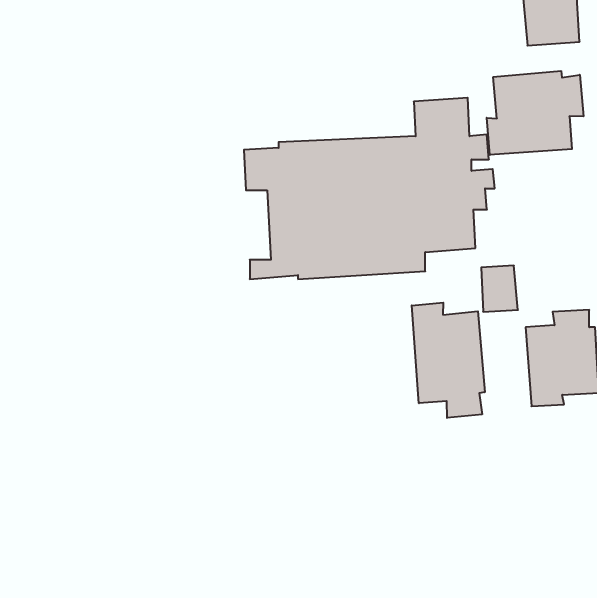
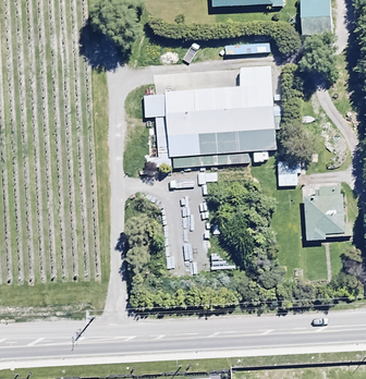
building: [487,71,583,155] -> none
building: [412,303,485,418] -> none

